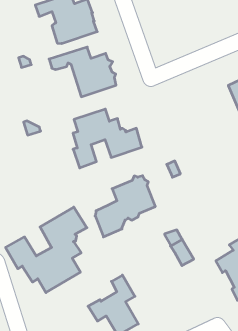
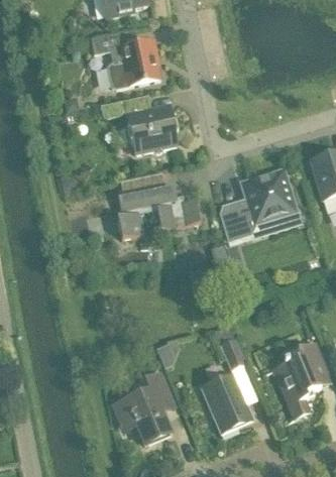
building: [95,176,155,237] -> [220,170,294,239]
building: [6,207,87,293] -> none
building: none -> [200,372,253,434]

